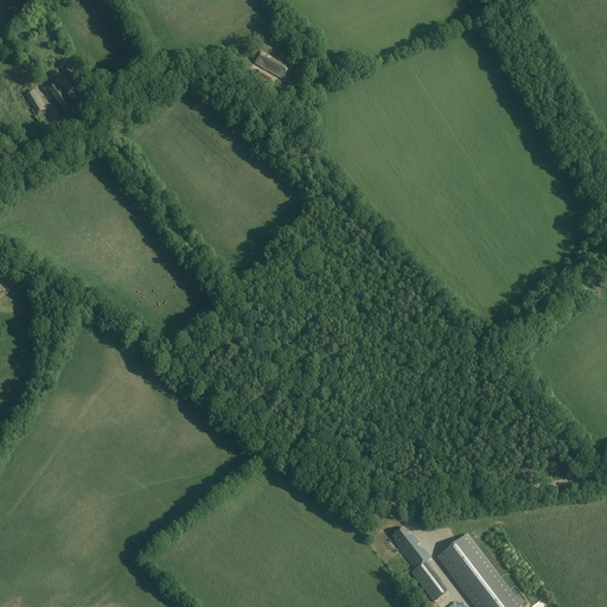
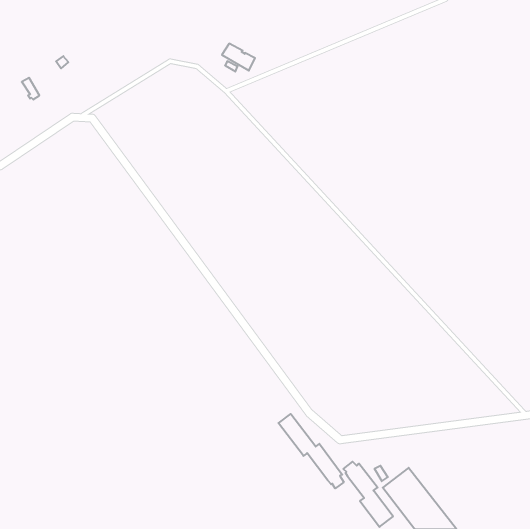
building: [41,78,78,120] -> none
building: none -> [278,414,344,488]

